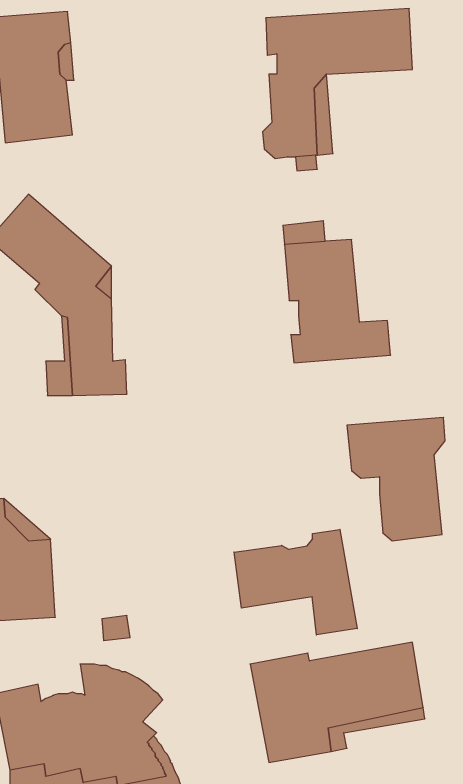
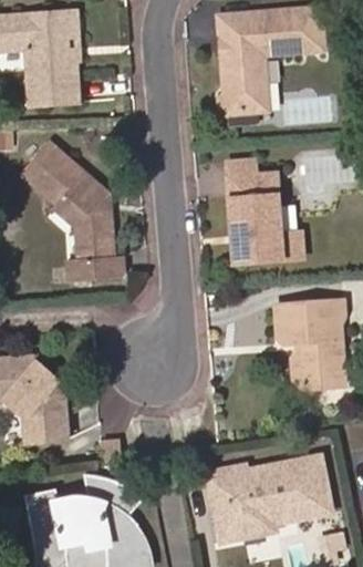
building: [234,529,357,635] -> none

